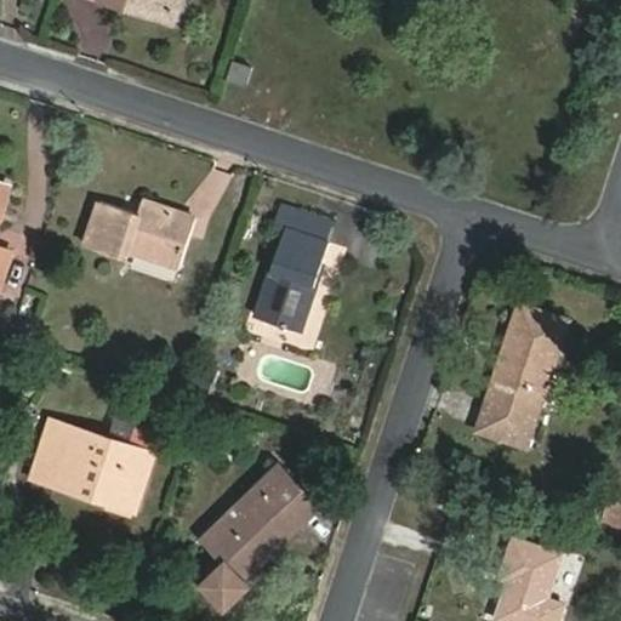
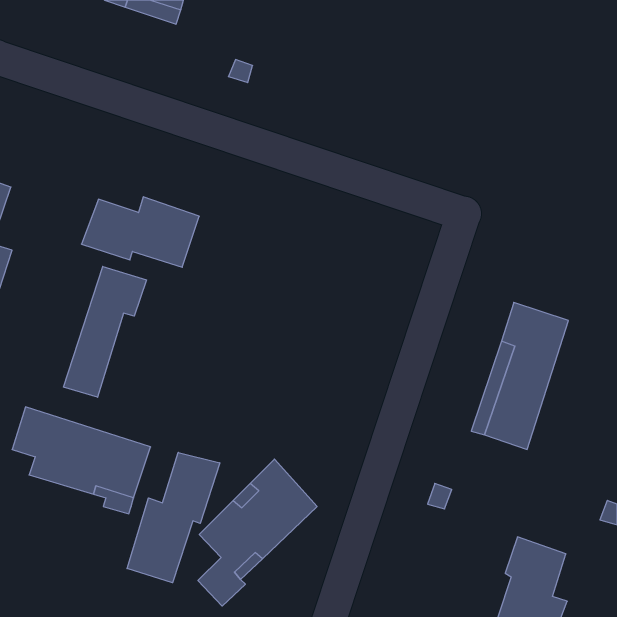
building: [255,204,336,335] -> none
building: none -> [63,266,146,397]
building: none -> [127,452,220,583]

